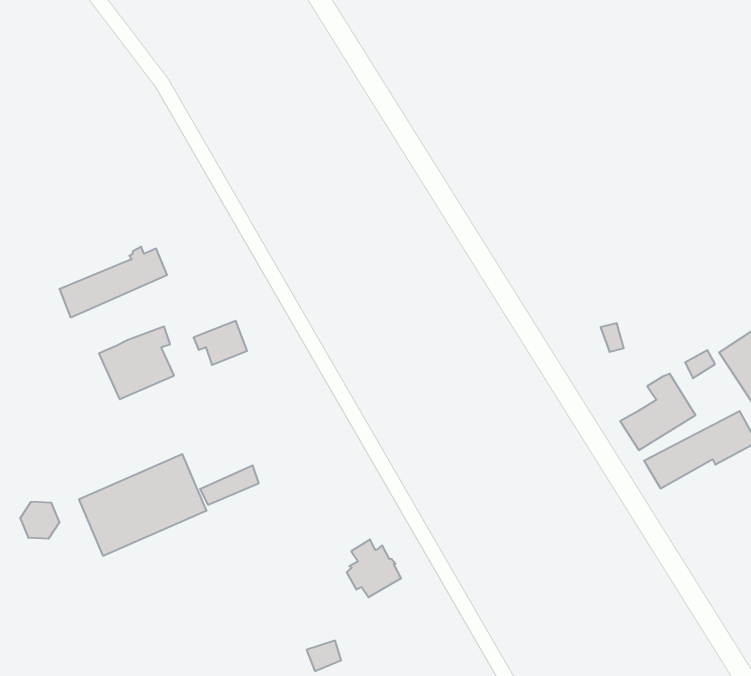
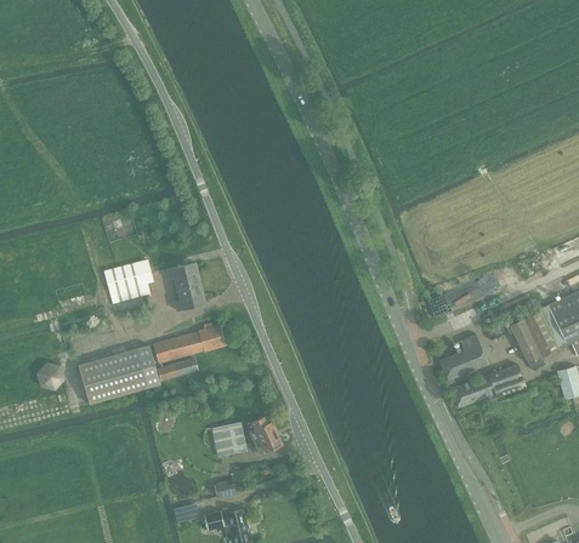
building: [59,247,167,317] -> [153,322,225,362]
building: none -> [174,282,205,309]
building: none -> [212,422,246,456]

